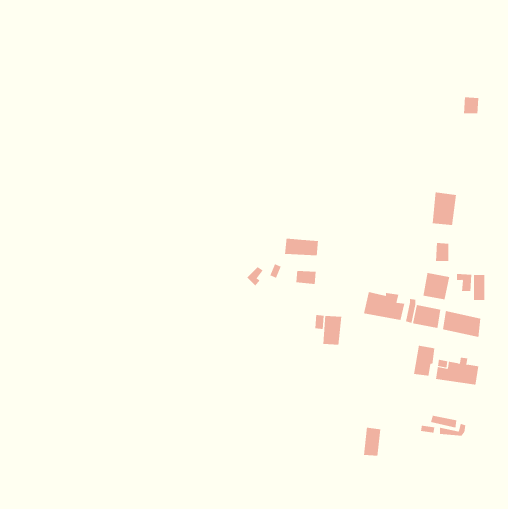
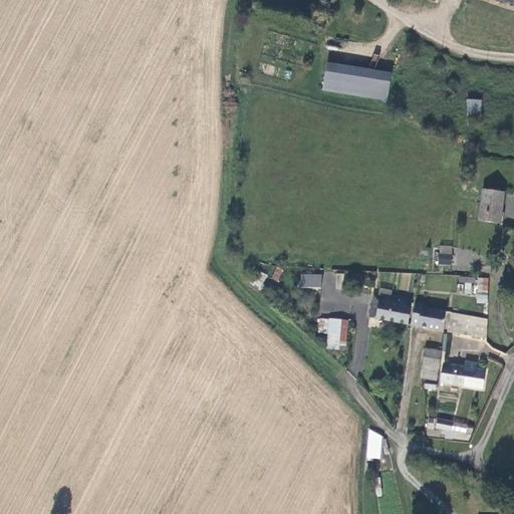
building: none -> [324,64,393,100]
building: [432,192,457,226] -> [478,190,503,224]
building: [285,238,319,256] -> none
building: [423,272,450,300] -> none

